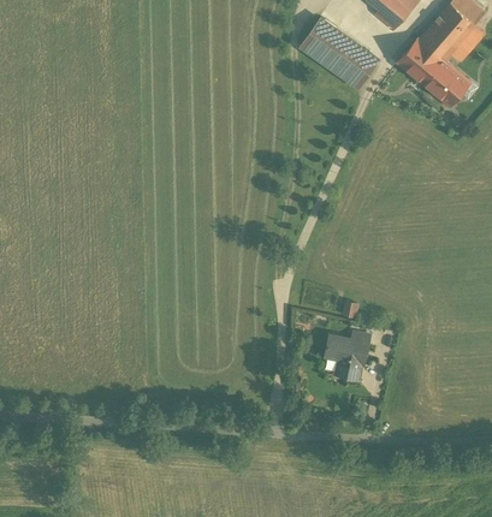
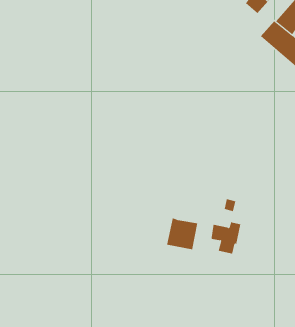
building: [301,20,377,87] -> none
building: none -> [167,218,198,250]

